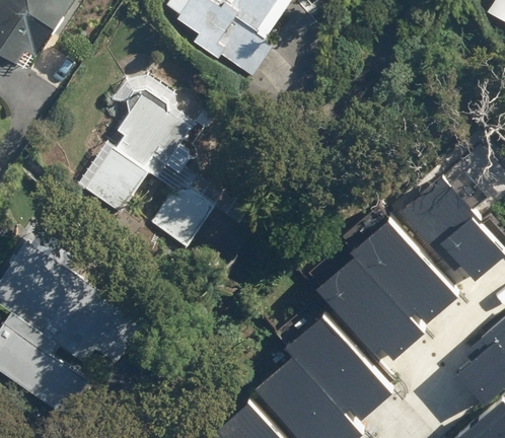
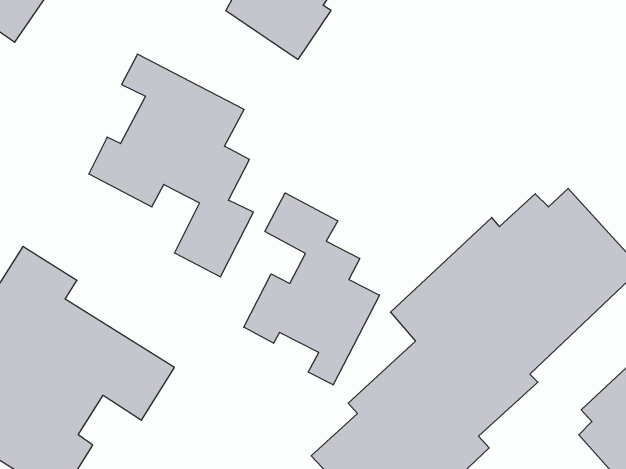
building: none -> [244,193,380,385]

